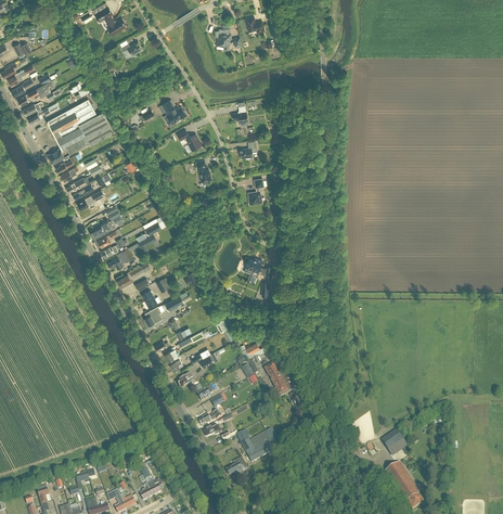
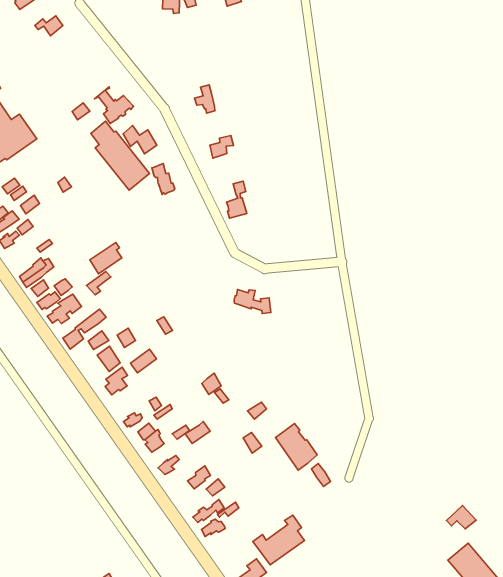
building: none -> [91,121,150,190]

